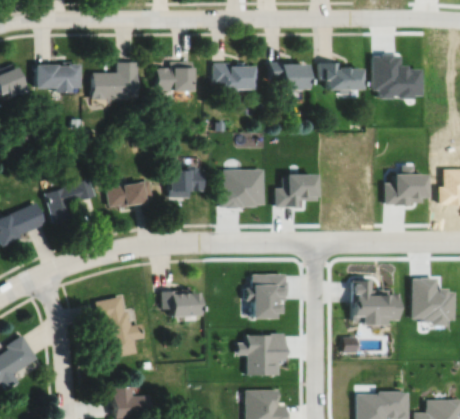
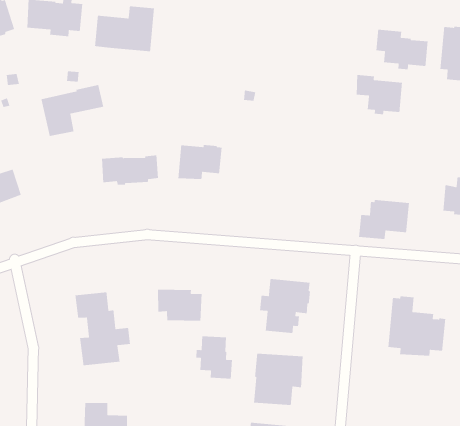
building: [156,62,193,92] -> none
building: [268,62,306,93] -> [356,74,403,115]
building: [213,63,253,90] -> none
building: [218,170,262,209] -> none
building: [275,176,314,208] -> [358,199,410,240]
building: [44,178,96,224] -> [40,84,104,137]
building: none -> [195,335,233,380]

